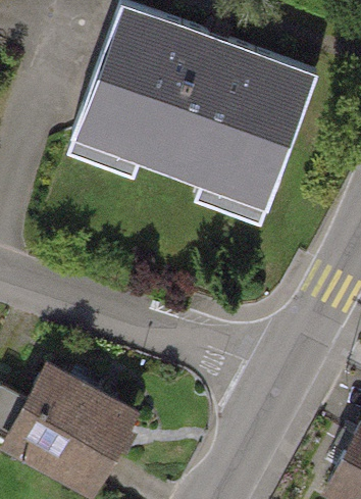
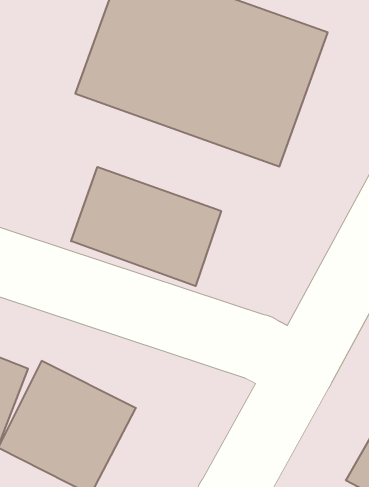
building: none -> [71,167,221,286]

